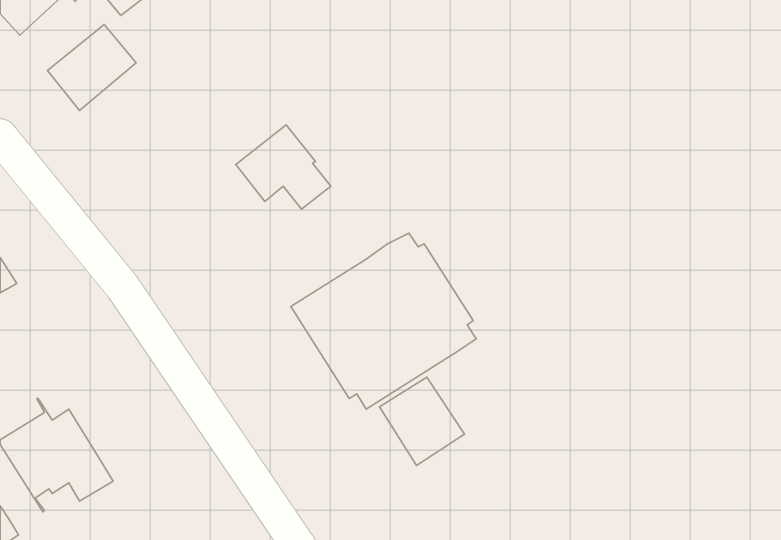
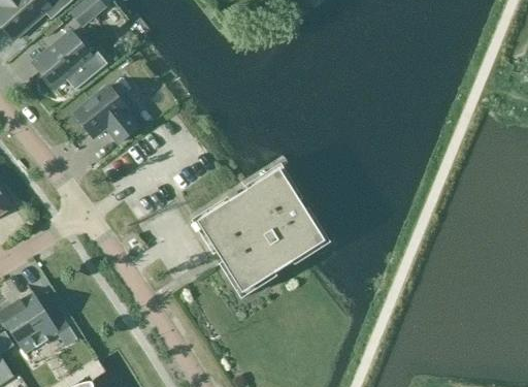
building: [236,125,331,209] -> [74,85,138,141]
building: [380,377,464,466] -> none

